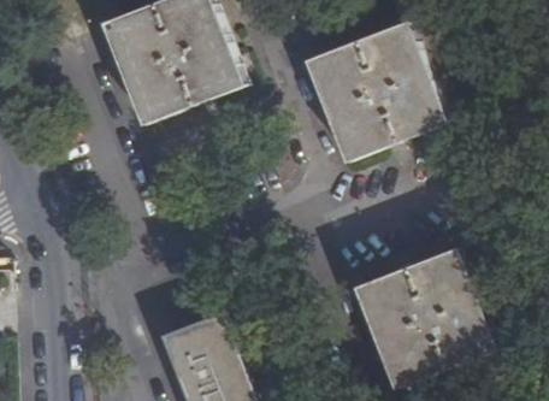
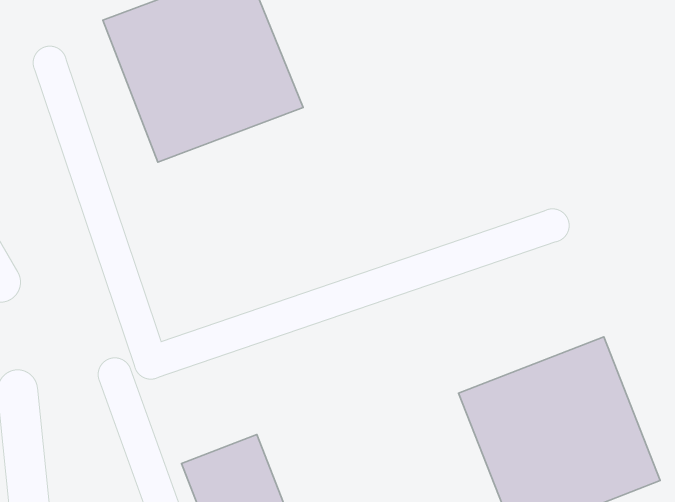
building: [308,20,450,161] -> none

